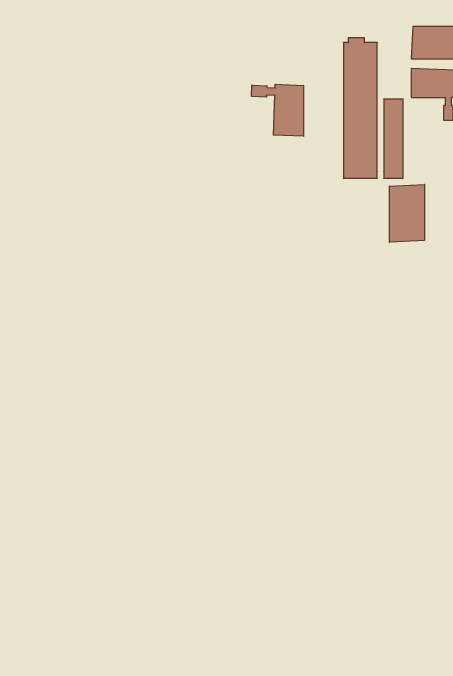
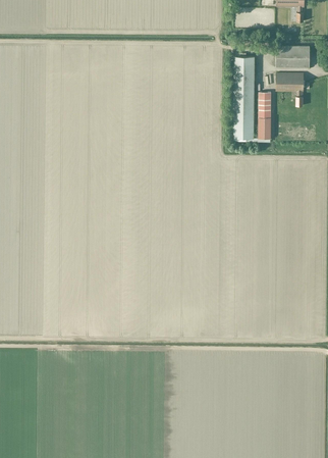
building: [252,84,304,136] -> none
building: [389,184,425,242] -> none

